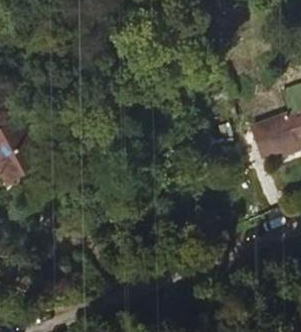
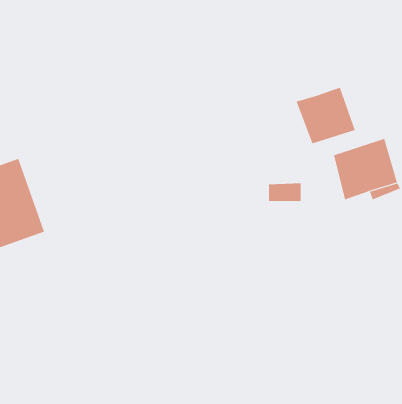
building: none -> [296,87,355,144]

